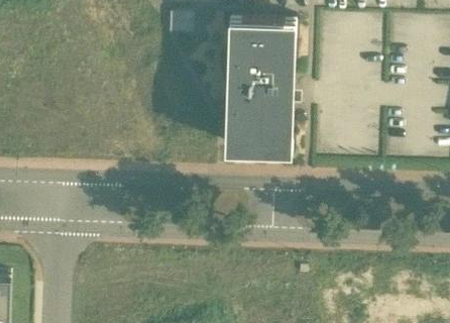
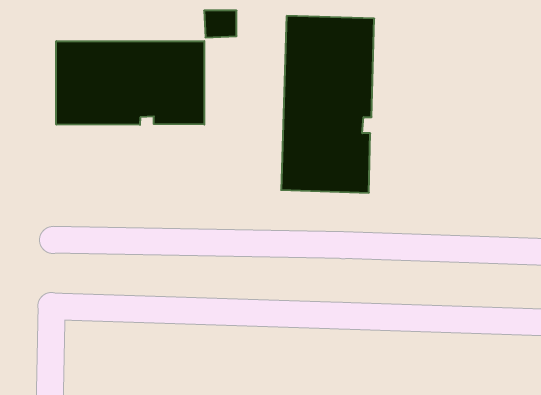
building: none -> [56,41,204,125]

